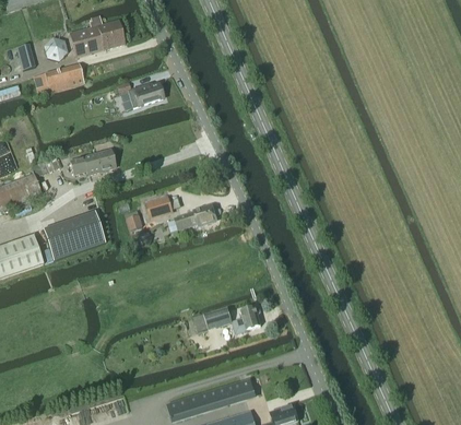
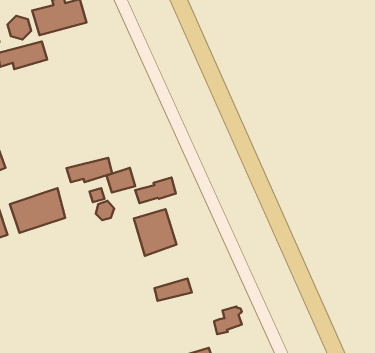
building: [116,81,163,107] -> none
building: [67,149,114,174] -> [67,158,112,182]
building: none -> [134,209,176,256]
building: [232,305,260,333] -> [214,306,242,334]

